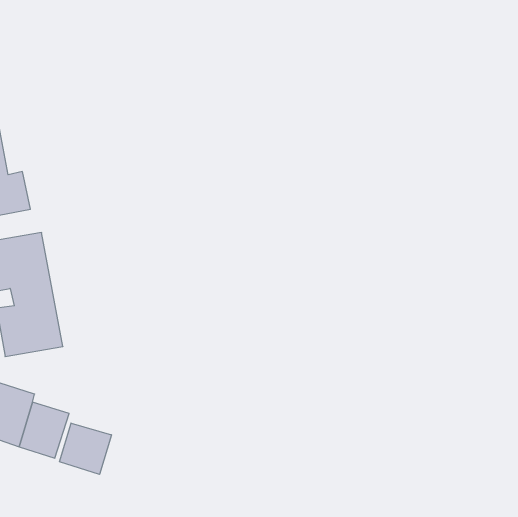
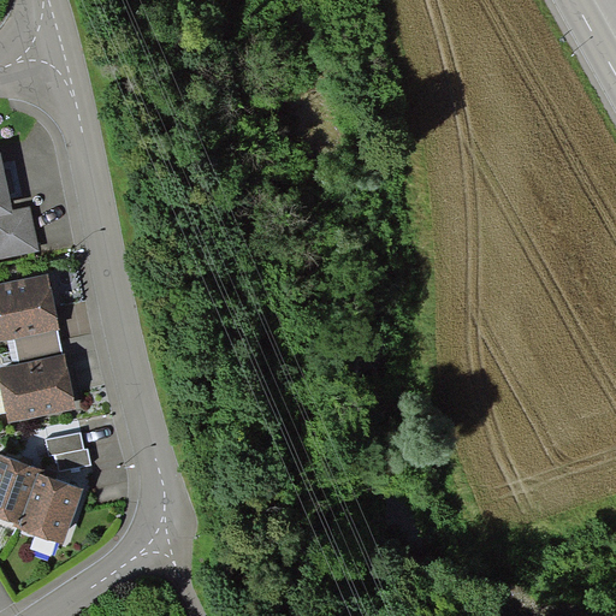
building: none -> [46,428,91,467]
building: [60,423,111,474] -> none

